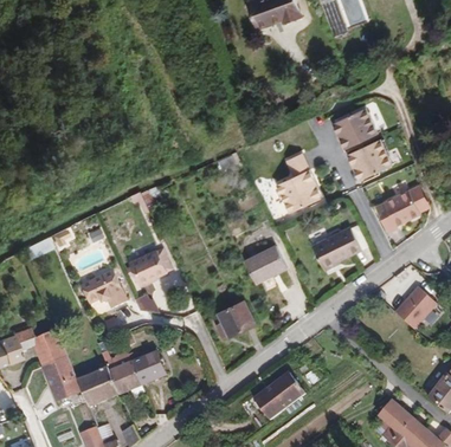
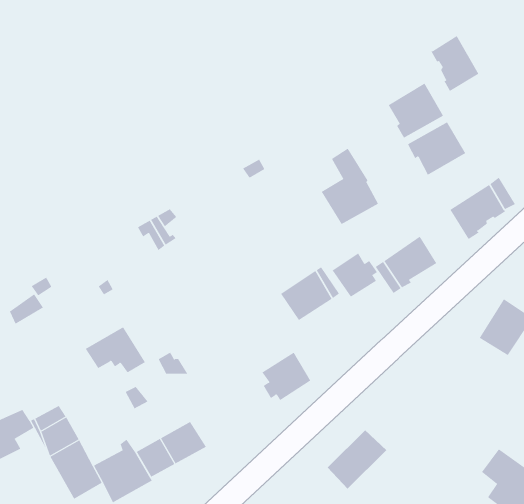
building: none -> [430,35,479,92]
building: none -> [332,252,378,298]
building: [128,251,168,287] -> none

